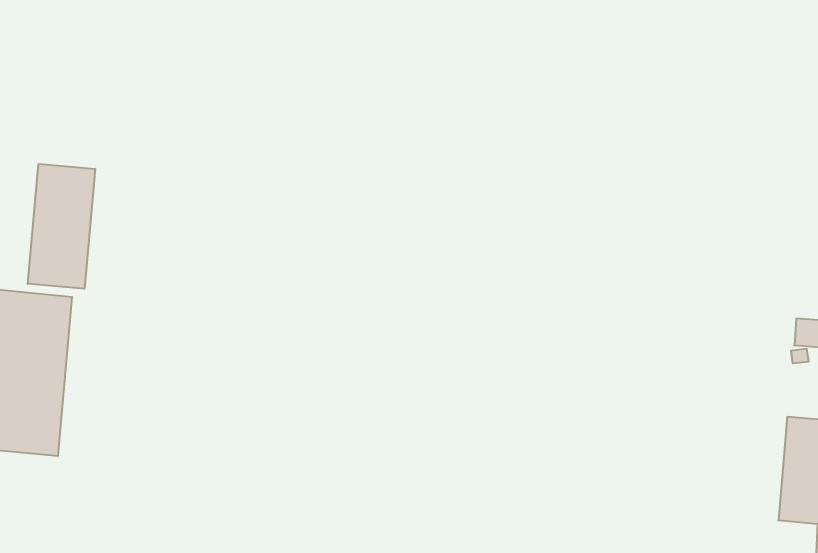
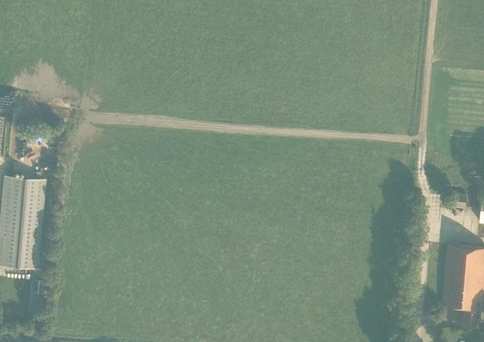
building: [28,164,95,289] -> none

